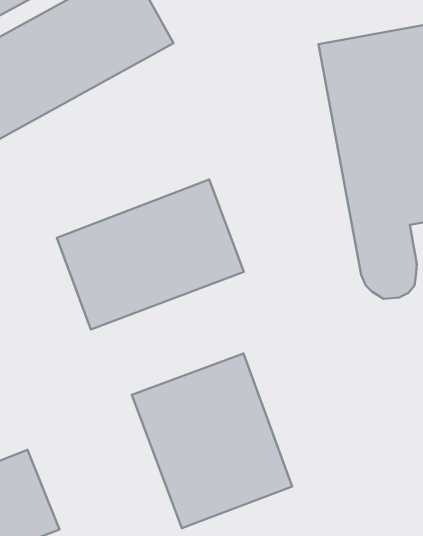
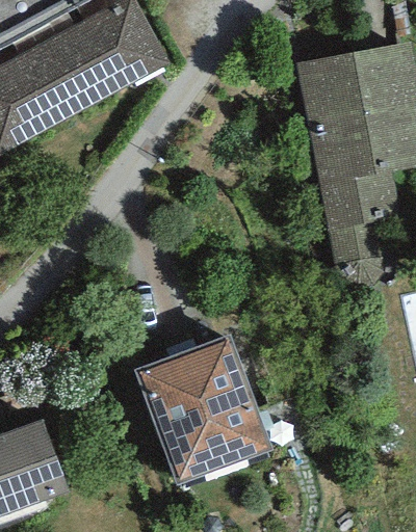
building: [57,180,244,329] -> none

